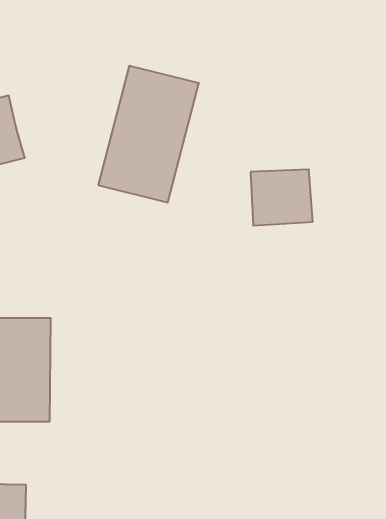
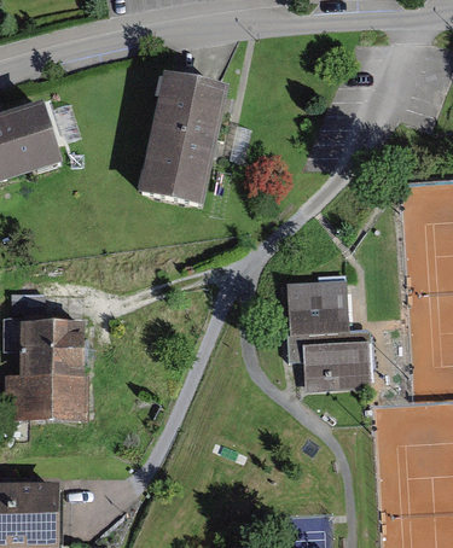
building: [251,169,313,225] -> [275,273,336,327]
building: none -> [291,336,358,381]

